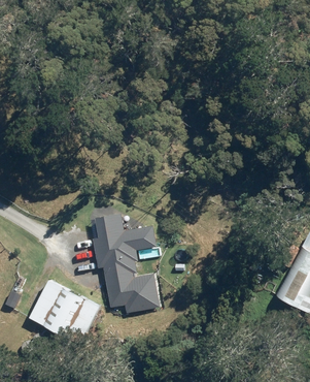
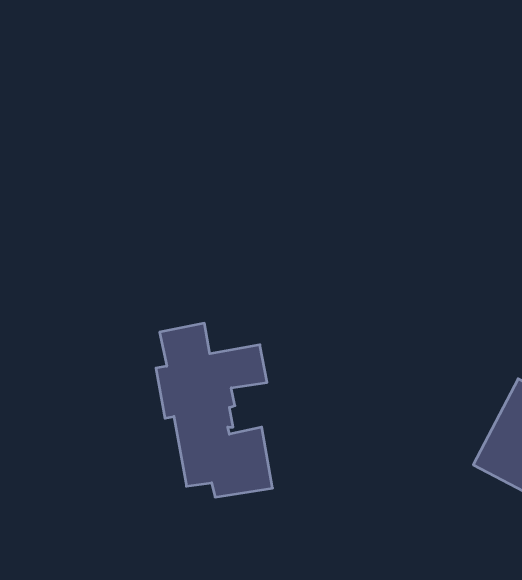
building: [29,280,100,344] -> none

